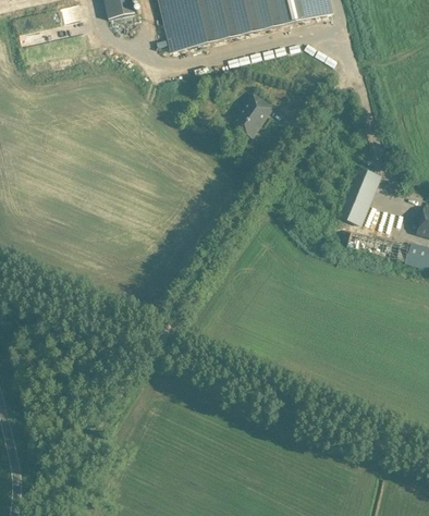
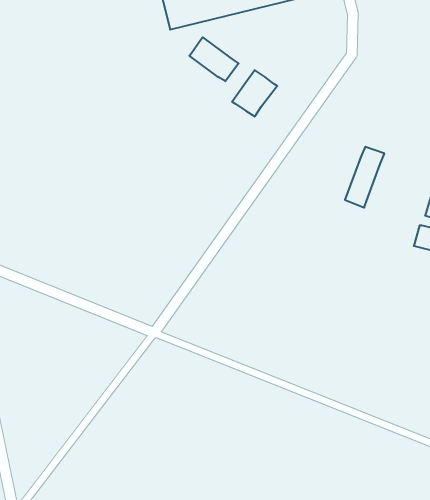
building: none -> [189,37,239,81]

